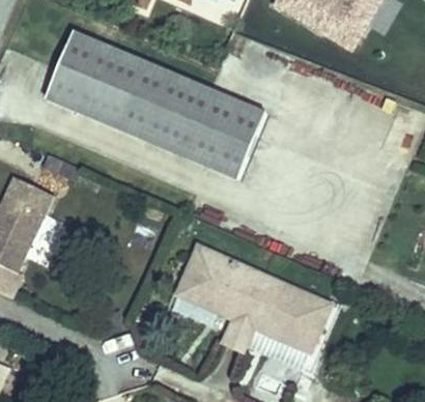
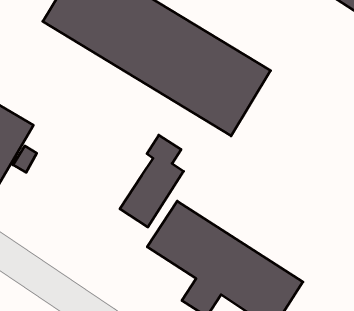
building: none -> [120,135,184,227]

